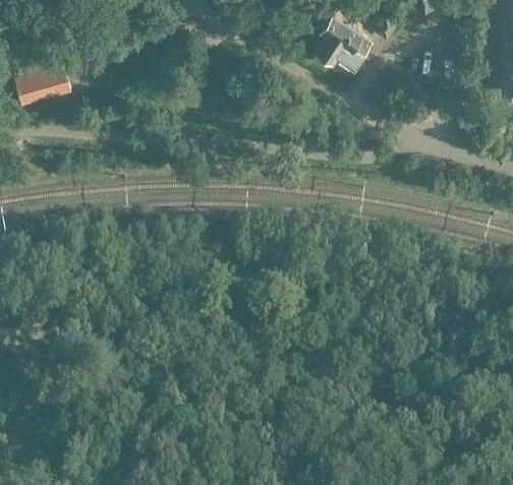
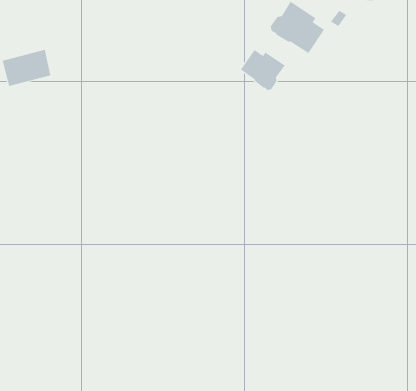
building: none -> [240,49,285,91]

